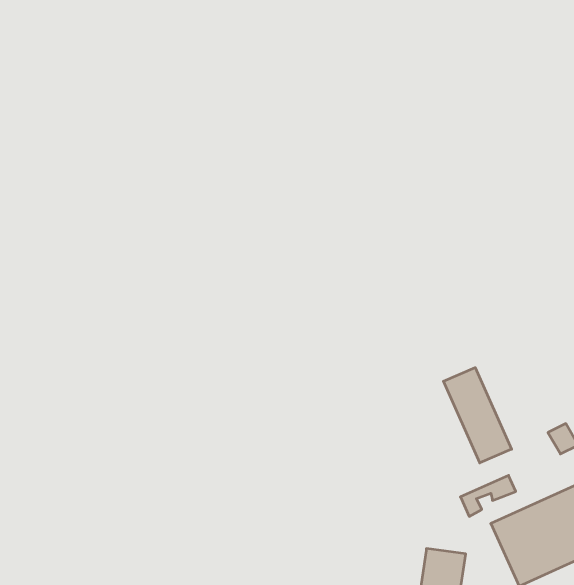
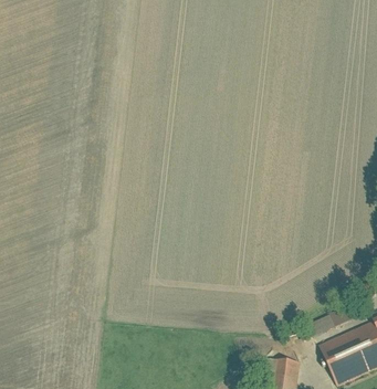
building: [443,368,512,463] -> none

